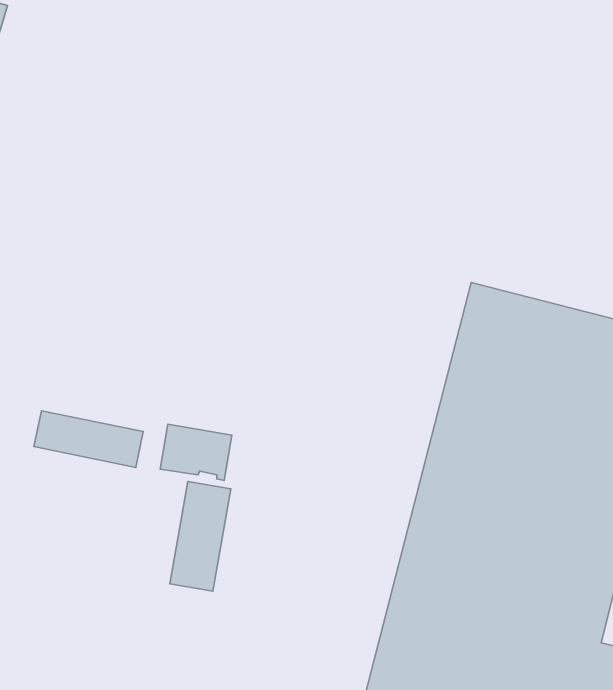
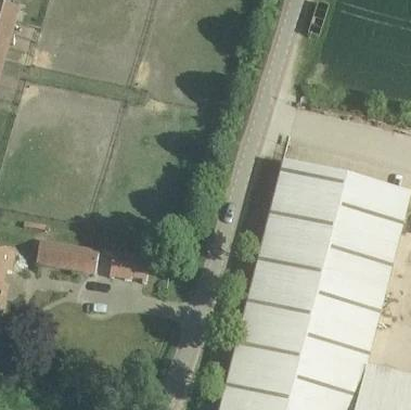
building: [170,481,231,591] -> none

